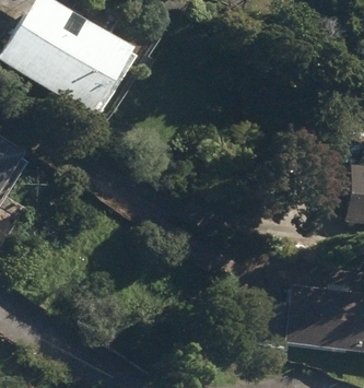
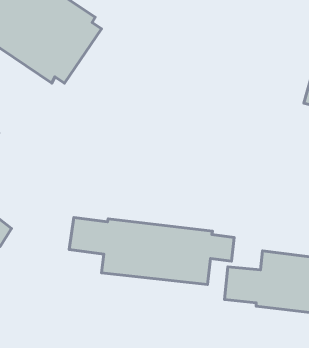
building: none -> [69,217,234,284]

